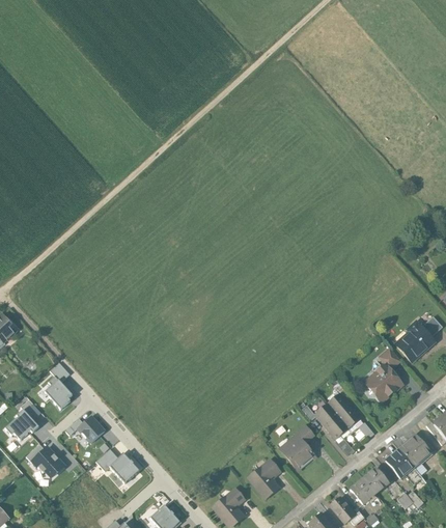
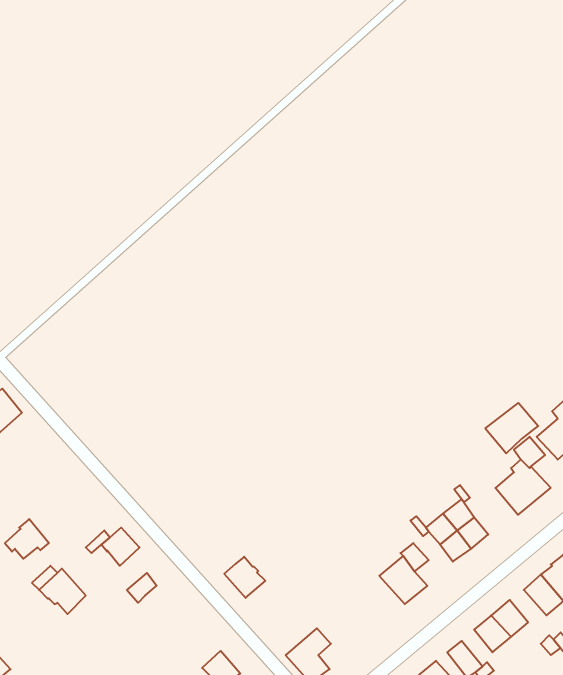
building: none -> [485,403,538,453]
building: [45,374,69,407] -> none
building: [109,451,139,481] -> [224,557,265,598]
building: [248,458,281,500] -> none

